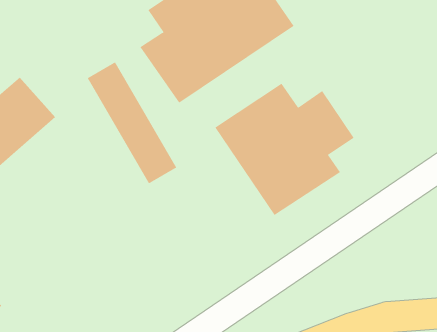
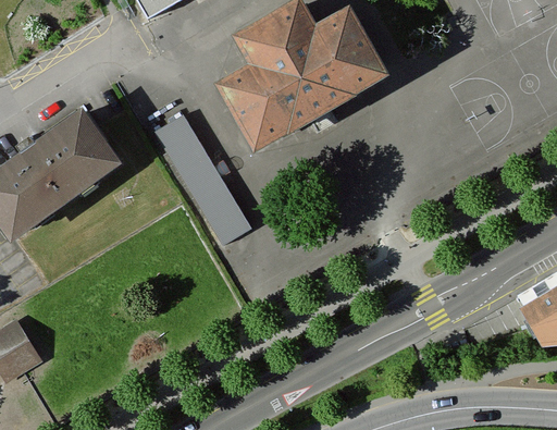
building: [215,83,354,216] -> none

